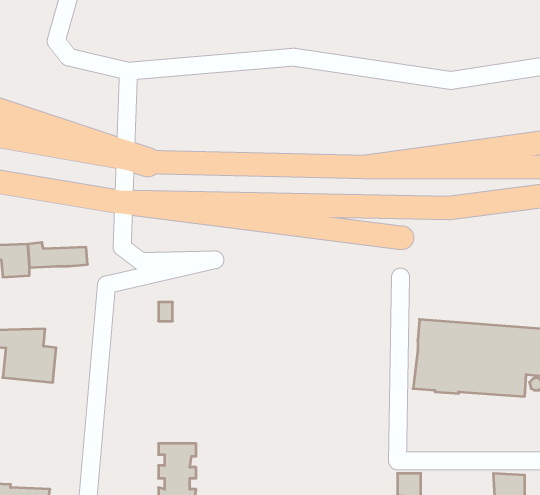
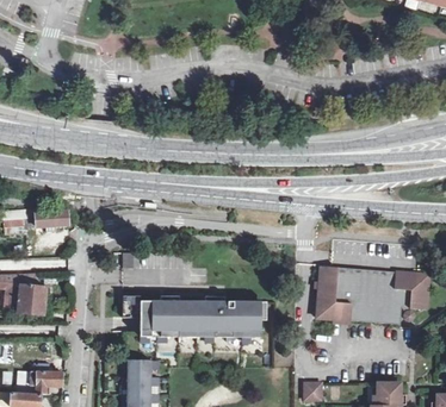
building: none -> [122,298,260,339]
building: none -> [16,372,62,395]

